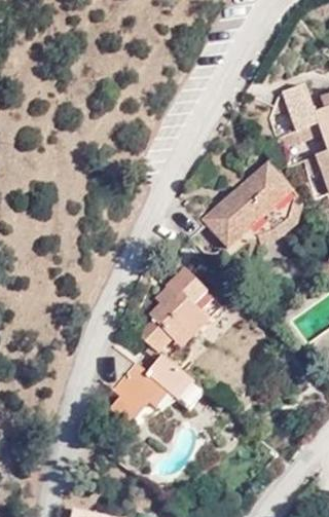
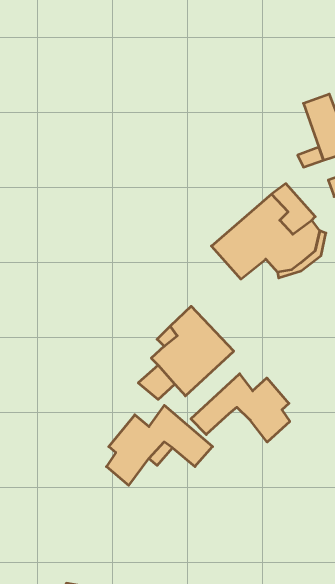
building: none -> [191,374,290,442]

